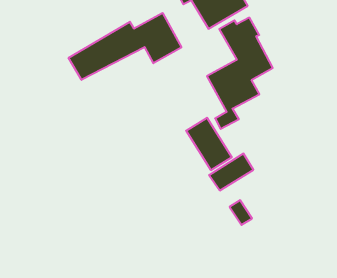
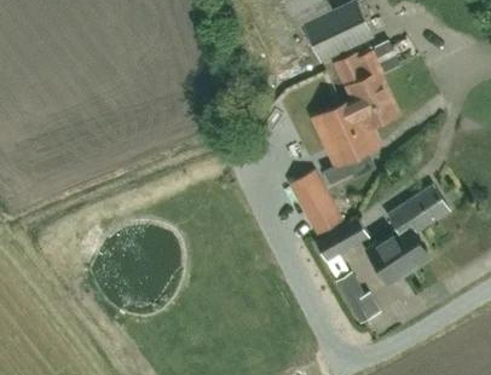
building: [69,13,181,80] -> none
building: none -> [368,186,450,284]

